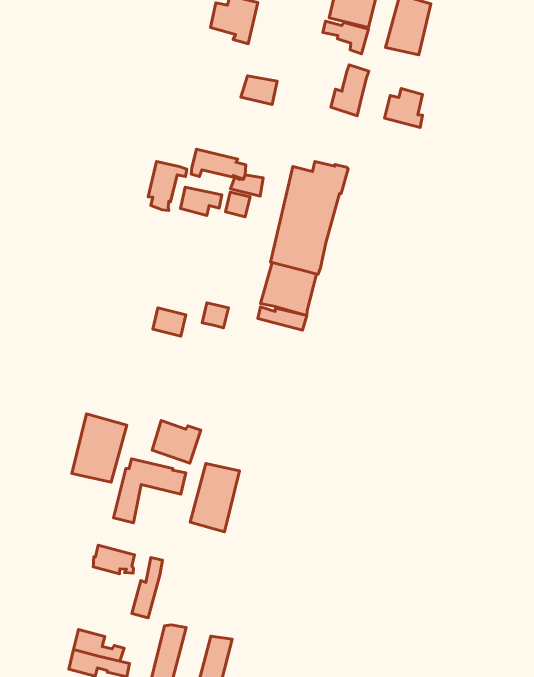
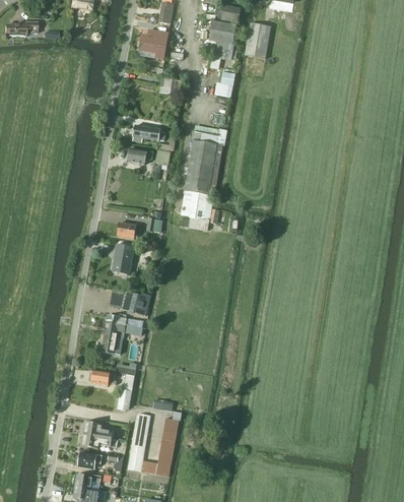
building: [385,88,423,127] -> none
building: [148,161,187,210] -> none
building: none -> [112,244,134,274]
building: [72,414,127,482] -> none
building: [190,463,240,532] -> none

